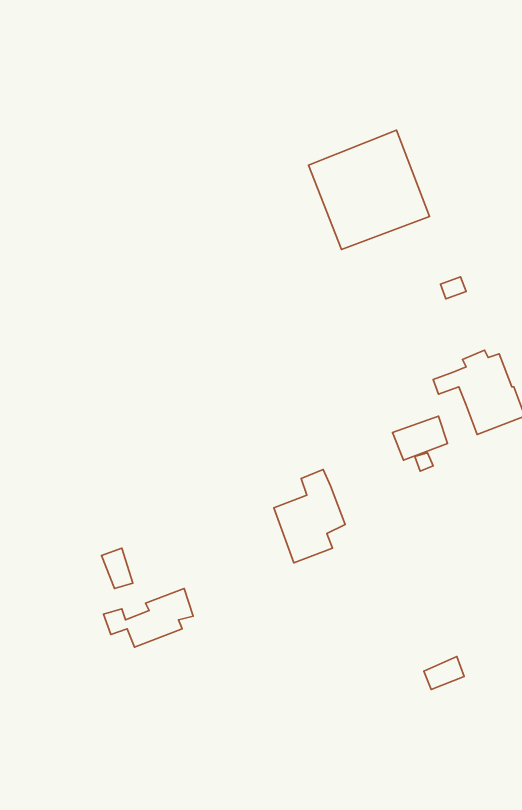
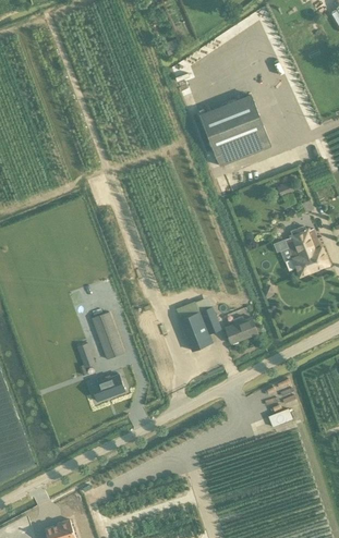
building: [393,416,448,460] -> [225,317,257,343]
building: none -> [92,311,124,359]

